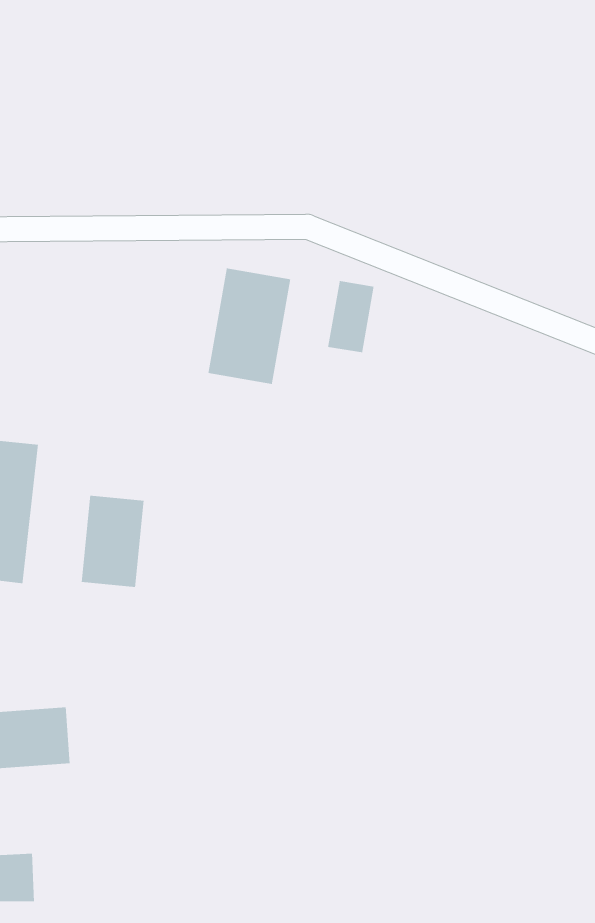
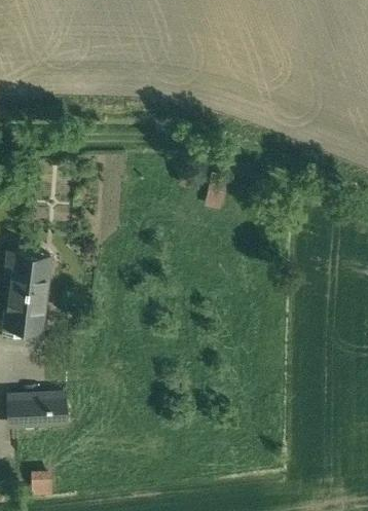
building: [207,267,291,385] -> none
building: [81,495,145,588] -> none

